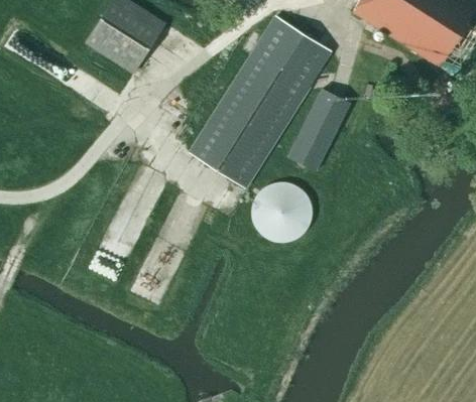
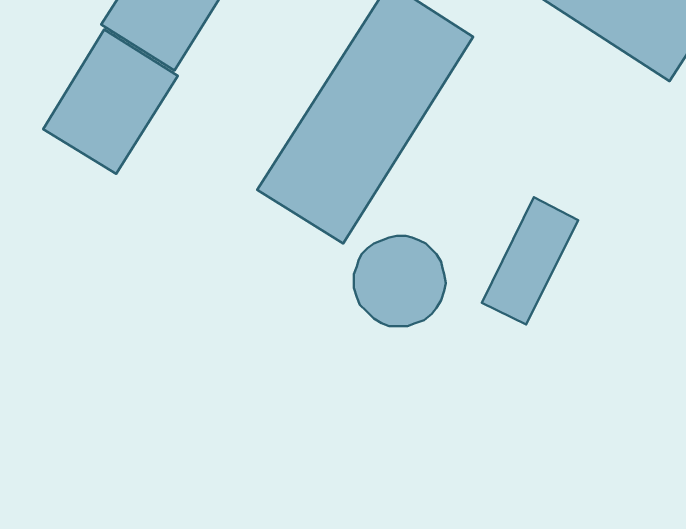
building: none -> [43,30,178,174]
building: [287,88,351,171] -> [482,197,578,324]

